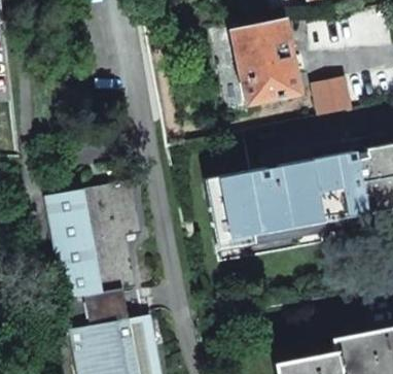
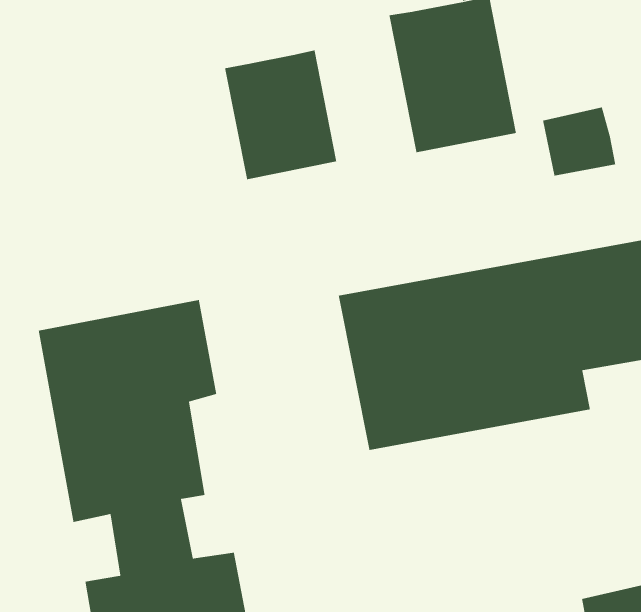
building: none -> [224,50,337,180]

